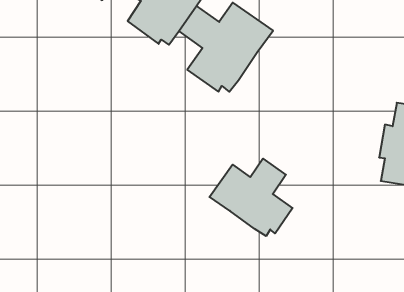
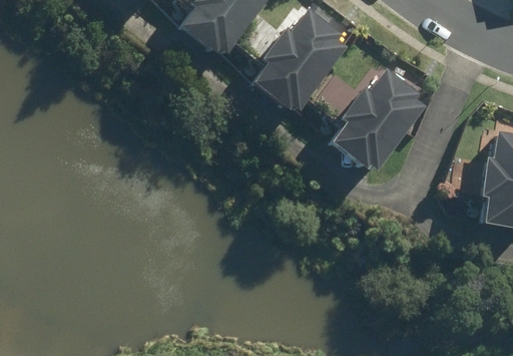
building: none -> [312,65,430,176]
building: [209,159,293,236] -> none

